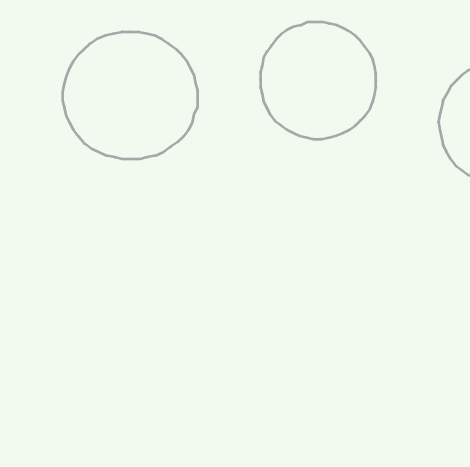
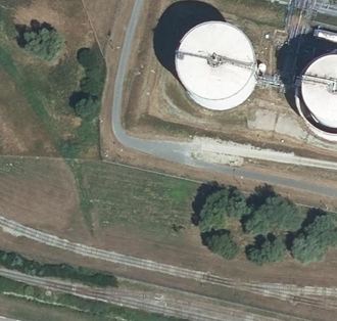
building: [63,32,197,159] -> none

